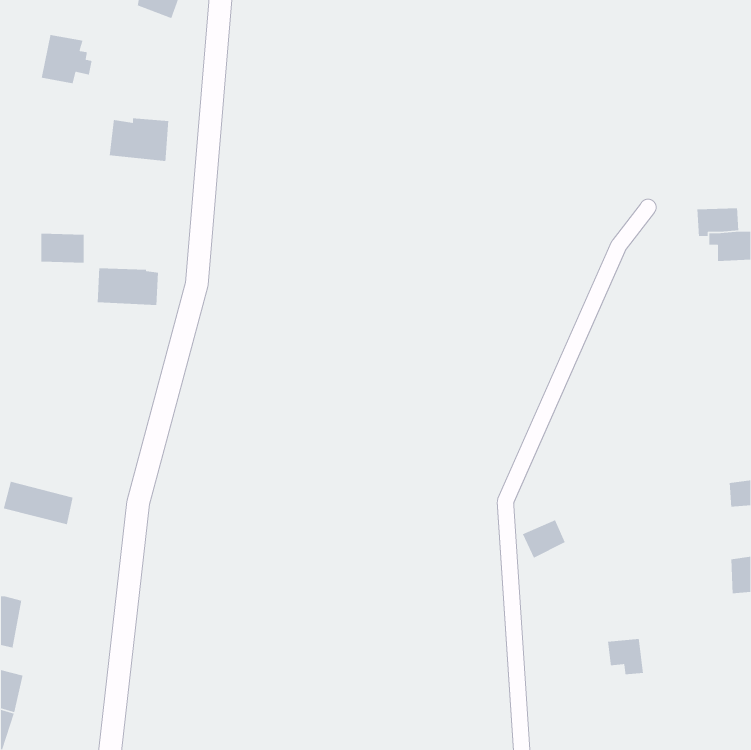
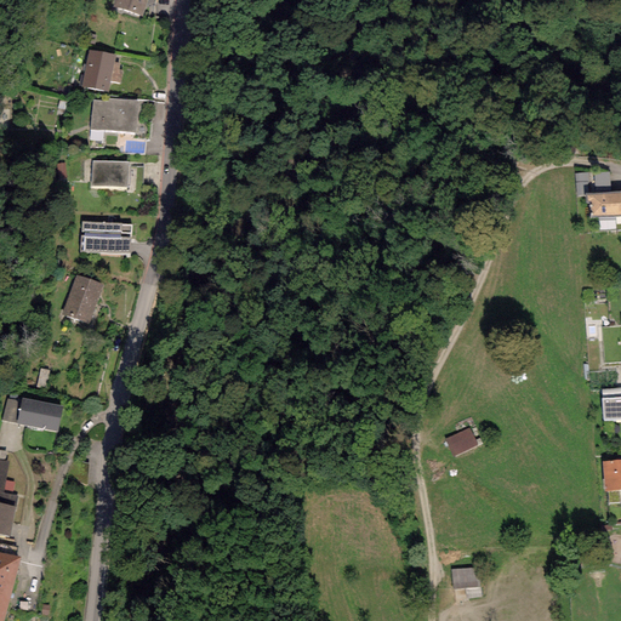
building: [41,34,92,84] -> [81,49,124,90]
building: [40,233,84,264] -> [92,160,129,186]
building: none -> [65,278,103,323]
building: [607,638,644,675] -> [452,568,483,598]

